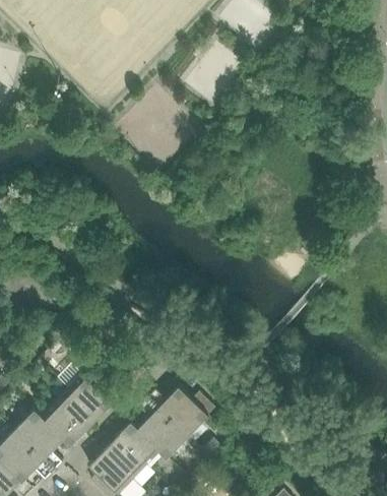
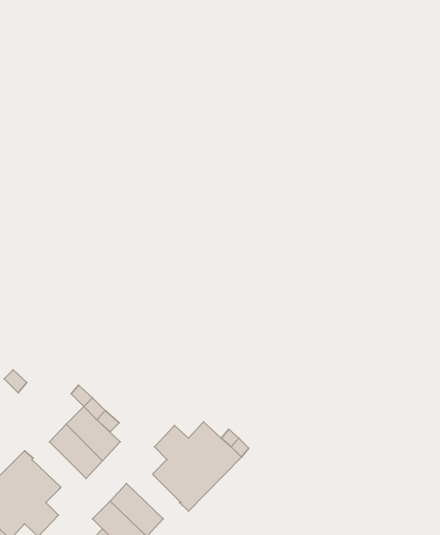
building: [40,402,83,446] -> none
building: [116,421,159,464] -> none

